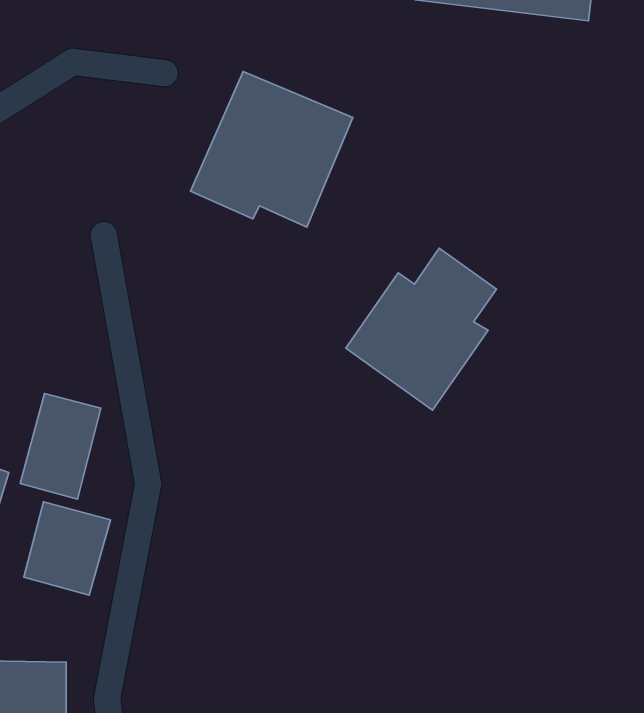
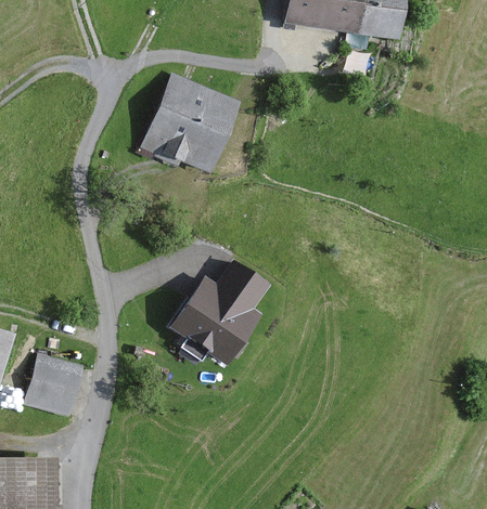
building: [346,248,496,410] -> [169,261,269,368]
building: [20,394,101,499] -> none

